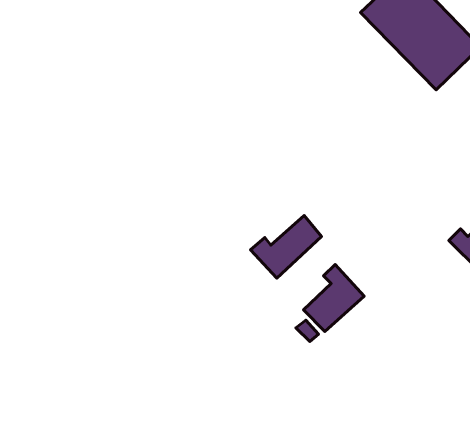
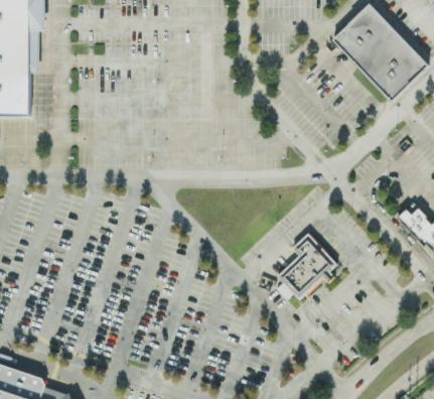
building: [251,215,322,278] -> none

